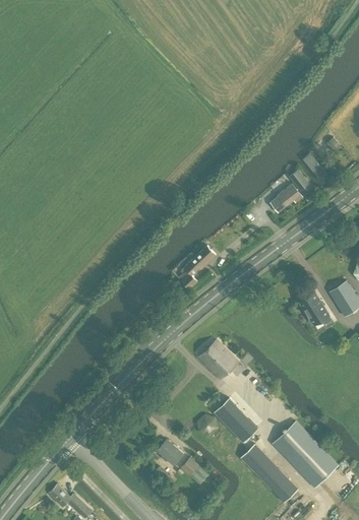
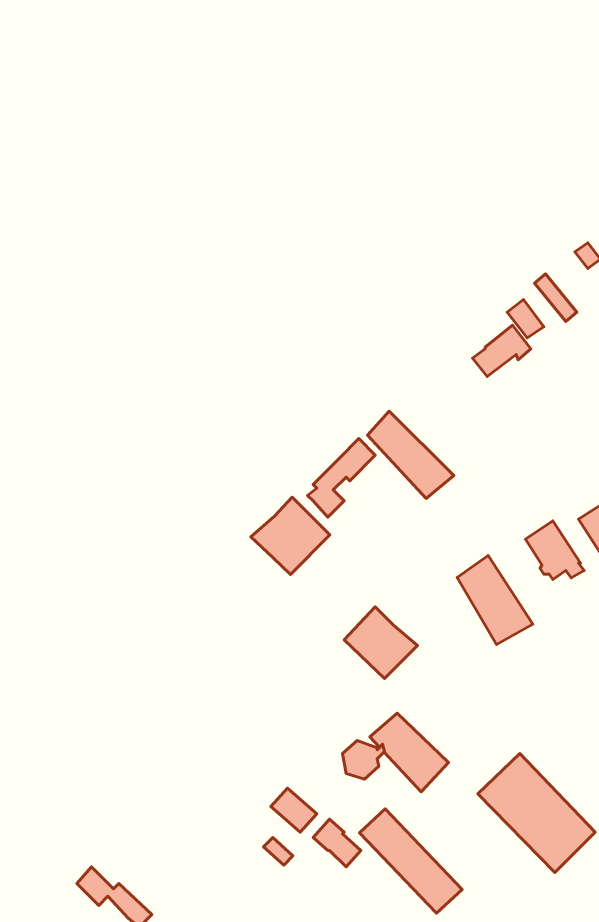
building: none -> [368,411,454,498]
building: none -> [251,497,330,575]
building: none -> [457,555,533,644]
building: [241,444,298,502] -> [360,809,462,913]

